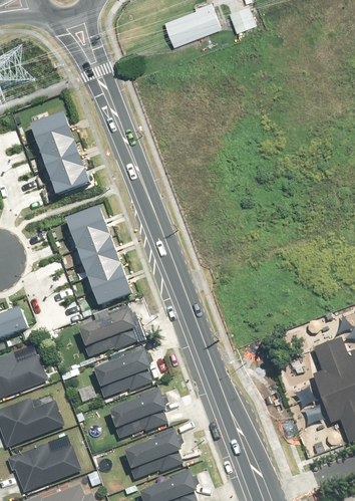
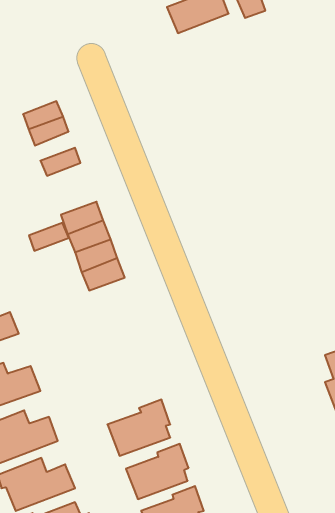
building: [41,139,78,166] -> none
building: [52,168,89,194] -> [29,223,69,251]
building: [91,274,131,304] -> none
building: [78,305,135,356] -> none
building: [93,345,151,397] -> none

